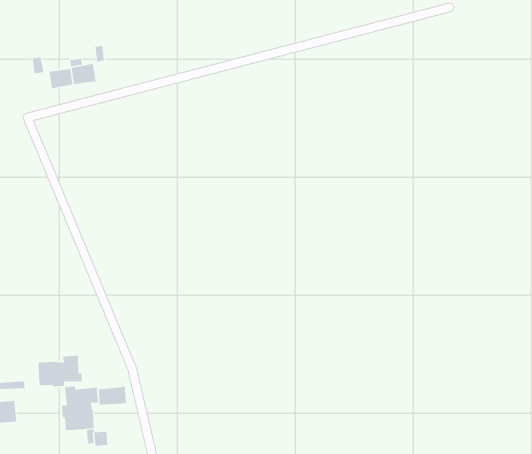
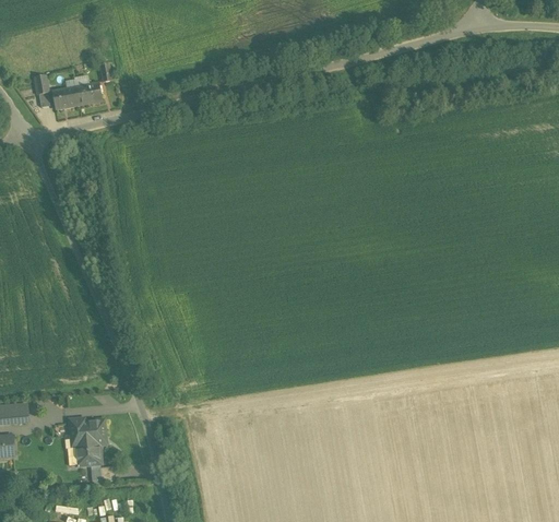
building: [38,355,83,387] -> none
building: [98,386,127,405] -> none

